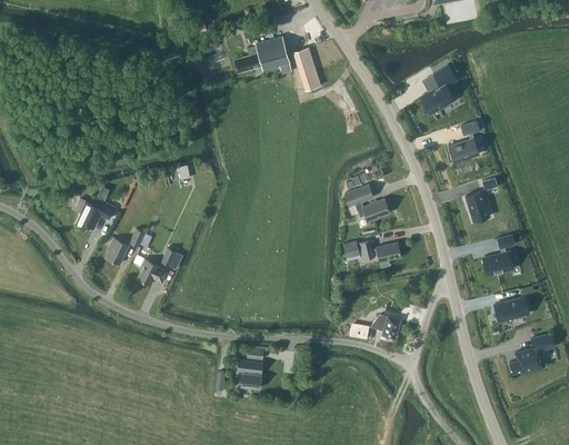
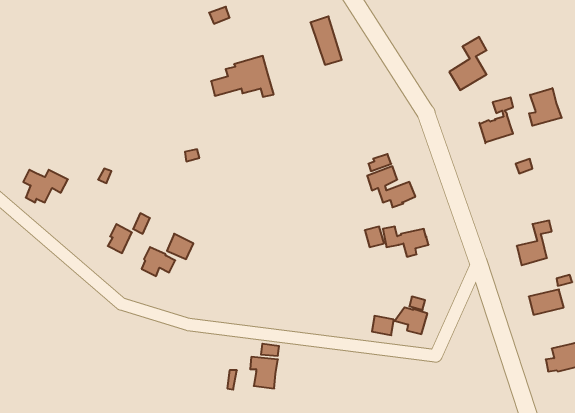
building: [233,36,291,73] -> [211,56,274,97]
building: none -> [529,88,562,126]
building: [466,190,489,220] -> none
building: [73,198,114,228] -> [23,170,68,202]

